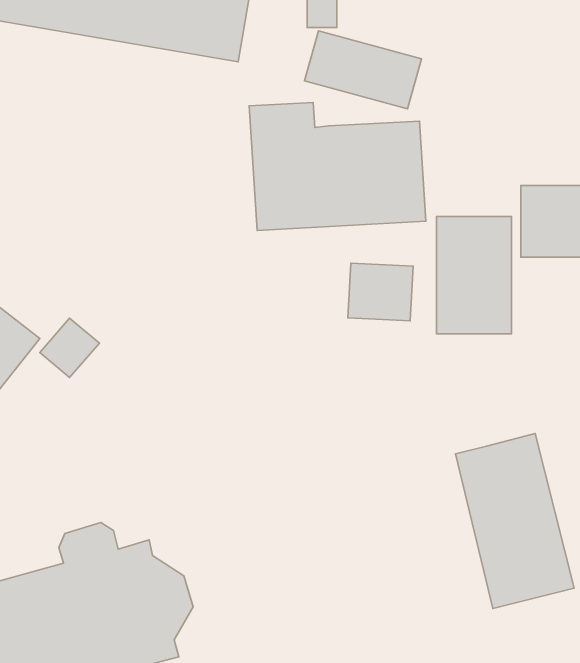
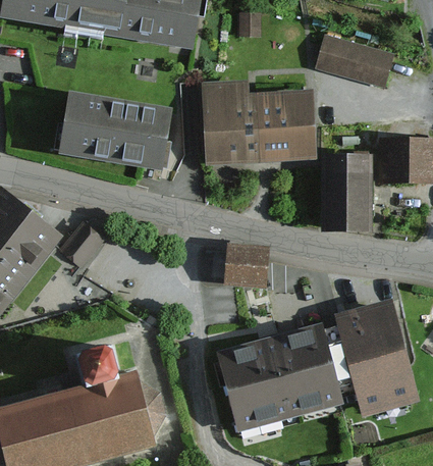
building: [304,31,422,109] -> [318,33,394,84]
building: none -> [62,94,171,173]
building: [348,263,413,321] -> [222,245,265,282]
building: none -> [216,324,341,432]

